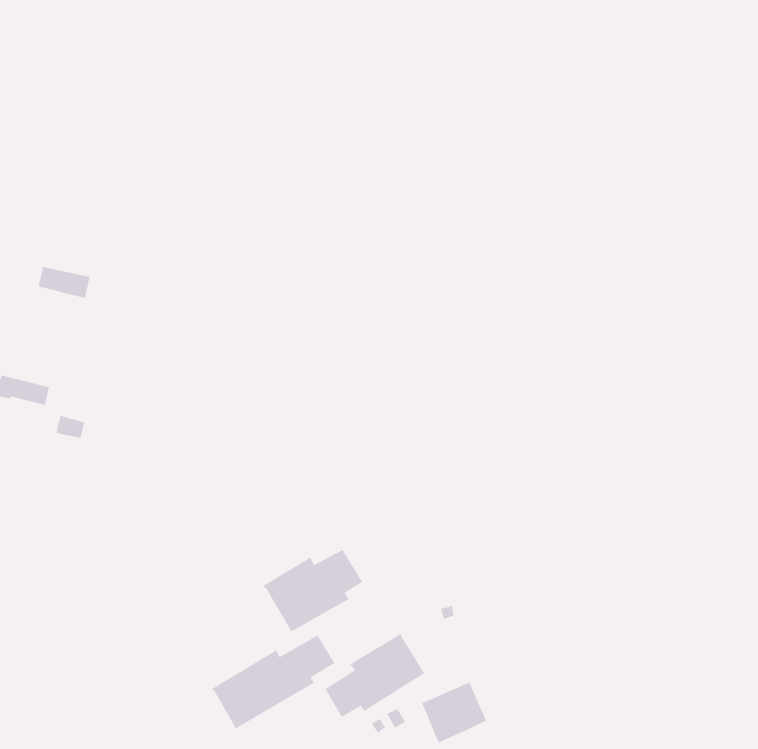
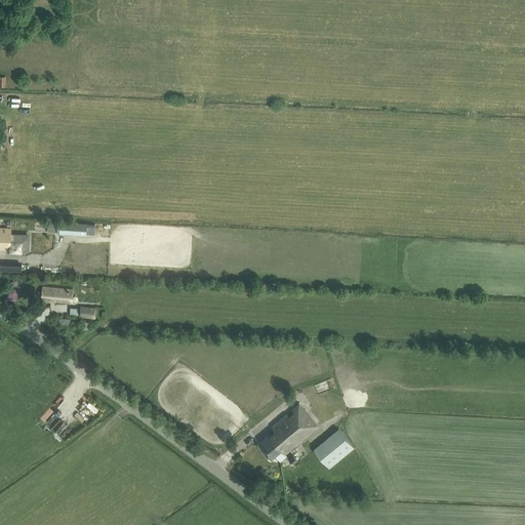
building: [263,549,363,633] -> none
building: [211,634,336,729] -> none

